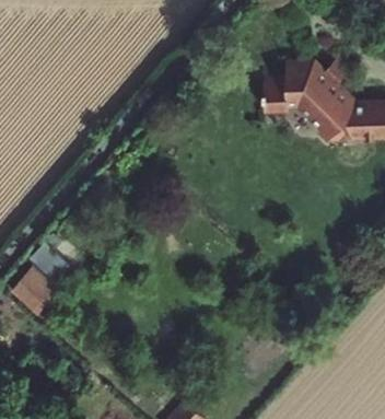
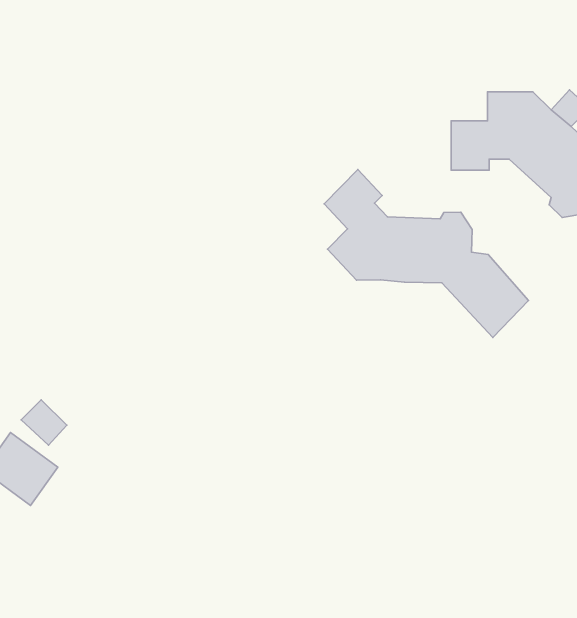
building: none -> [324,170,529,337]

